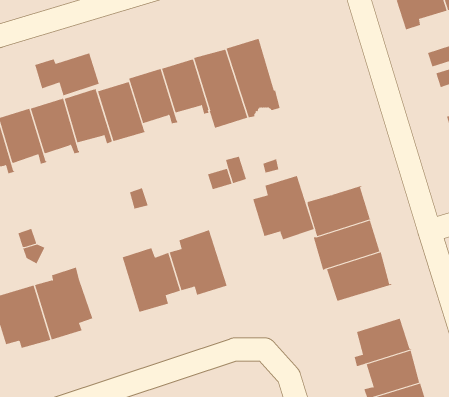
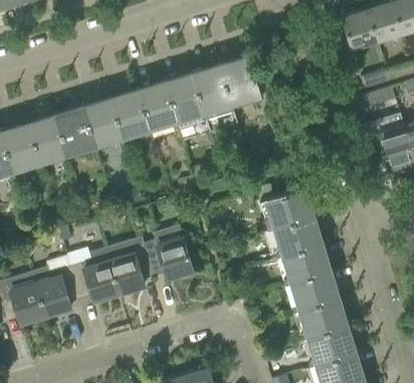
building: none -> [221,54,262,108]
building: [35,52,99,96] -> none
building: [253,175,314,240] -> none
building: none -> [71,247,121,302]
building: none -> [286,270,342,312]

